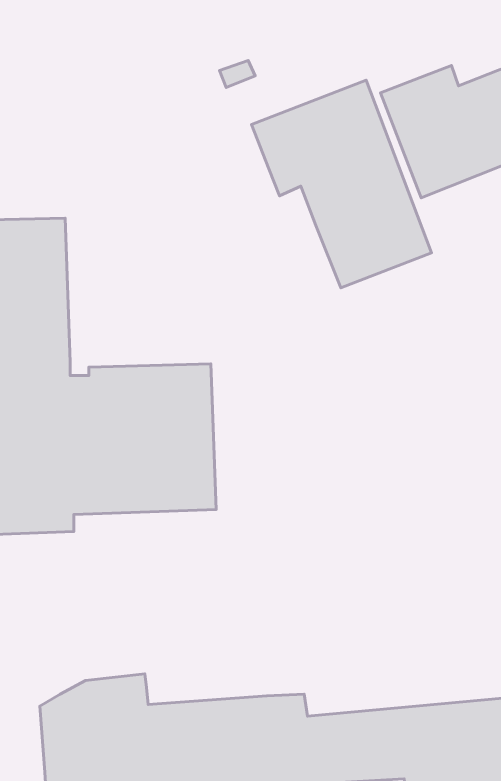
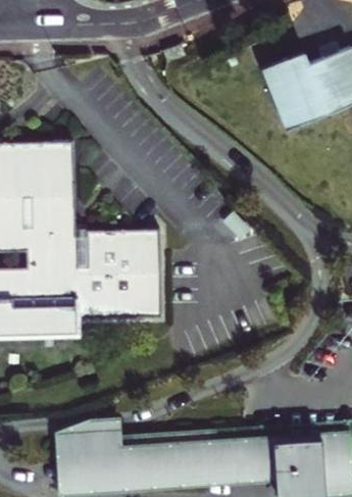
building: [252,80,431,288] -> none

